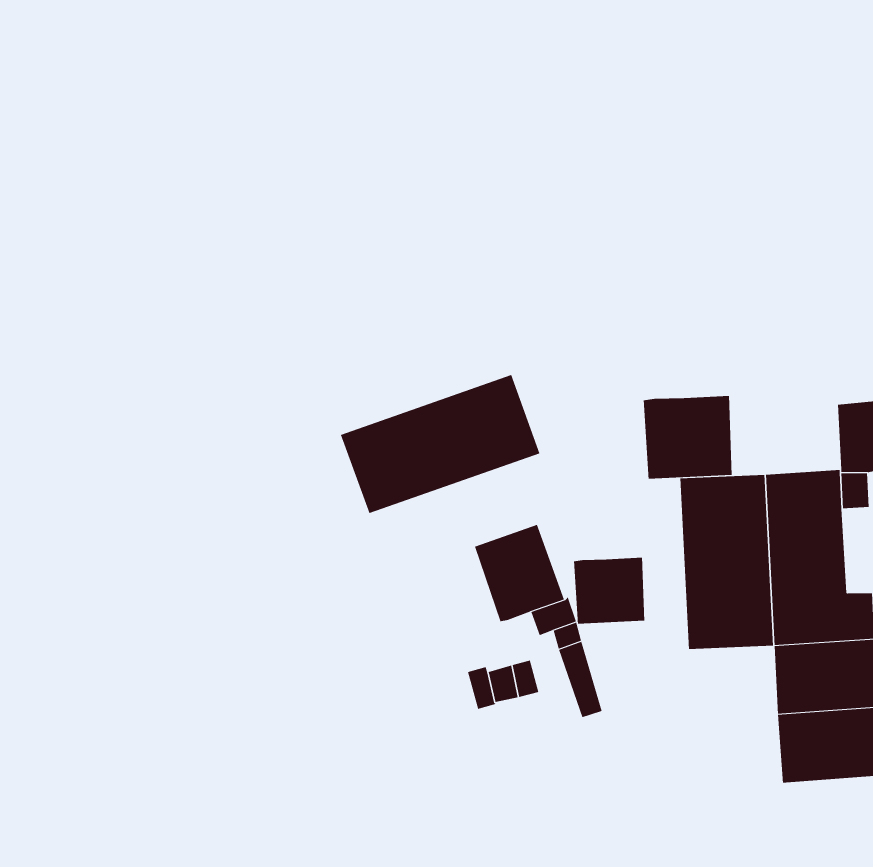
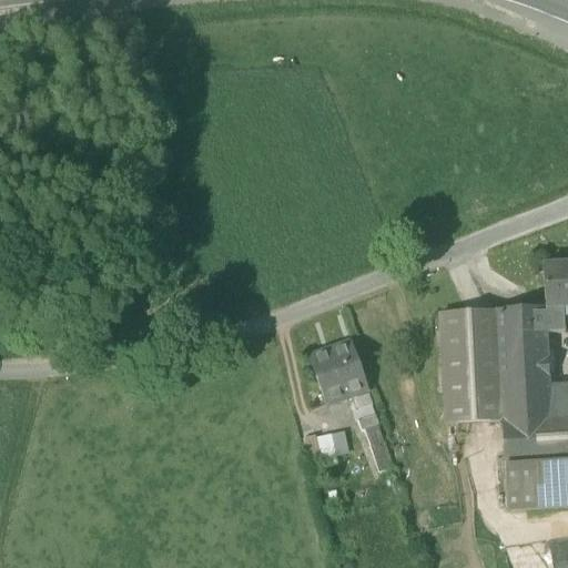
building: [340,374,540,514] -> none
building: [643,395,732,480] -> none
building: [574,557,645,625] -> none

